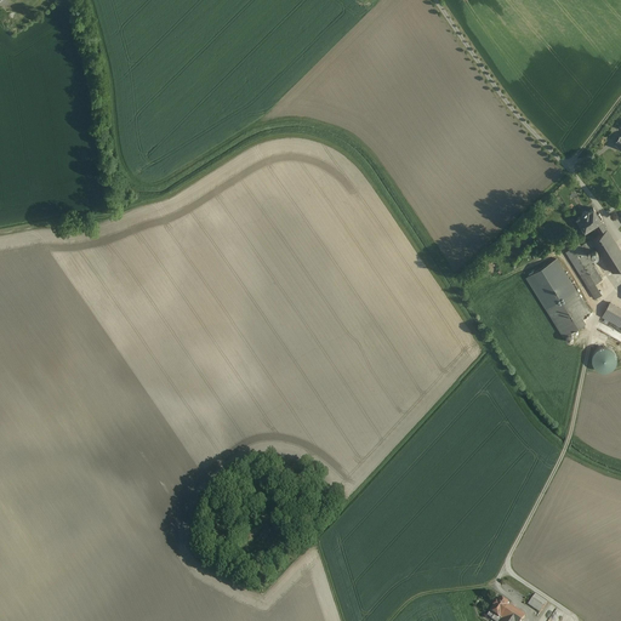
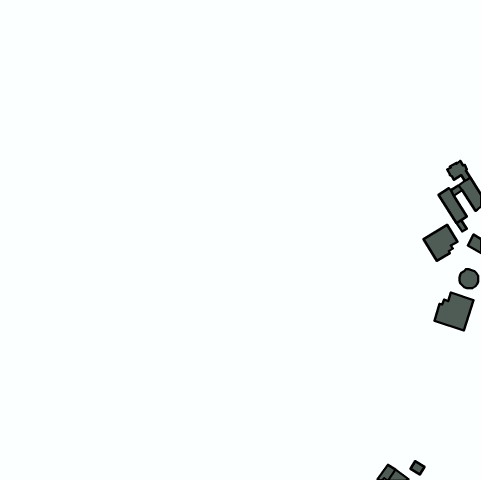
building: [526,260,576,309] -> none
building: none -> [435,293,474,330]

